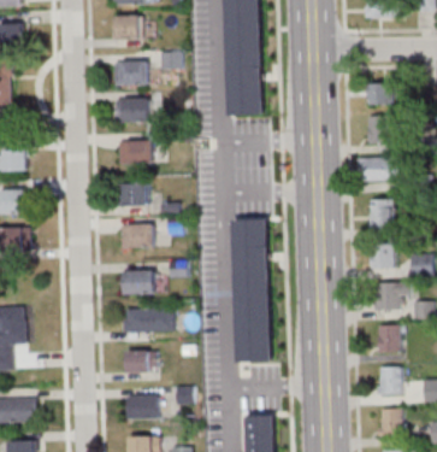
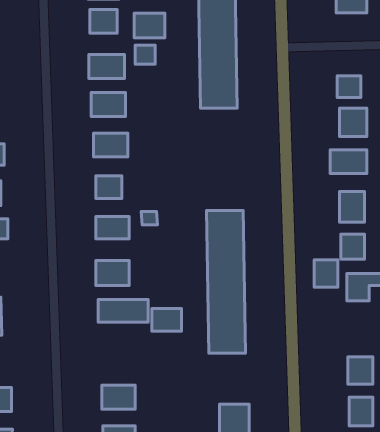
building: none -> [134,13,165,38]
building: [377,324,401,352] -> [314,260,338,287]
building: [126,350,157,372] -> [152,309,181,331]

